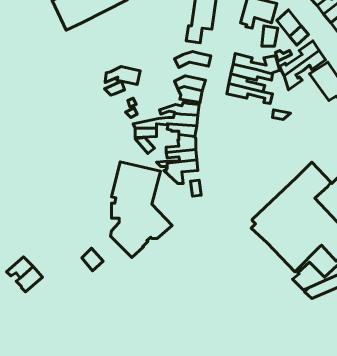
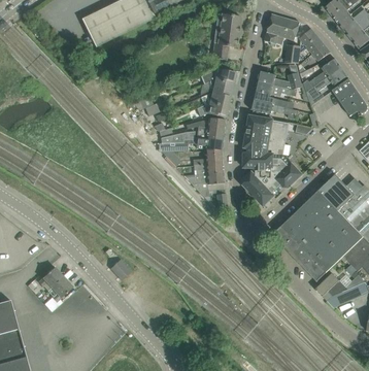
building: [105,66,140,85] -> [200,78,234,96]
building: [111,162,172,258] -> [243,112,303,205]

